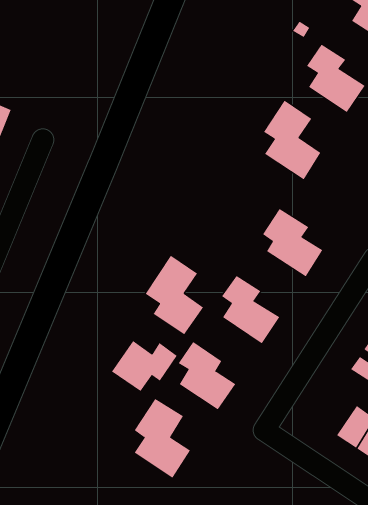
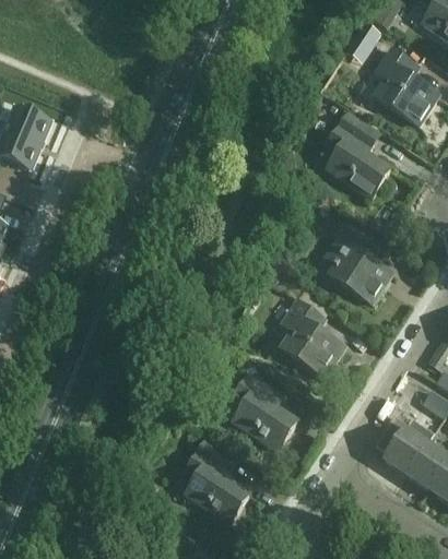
building: [145,255,204,335] -> none
building: [111,340,177,392] -> none
building: none -> [374,417,434,475]

